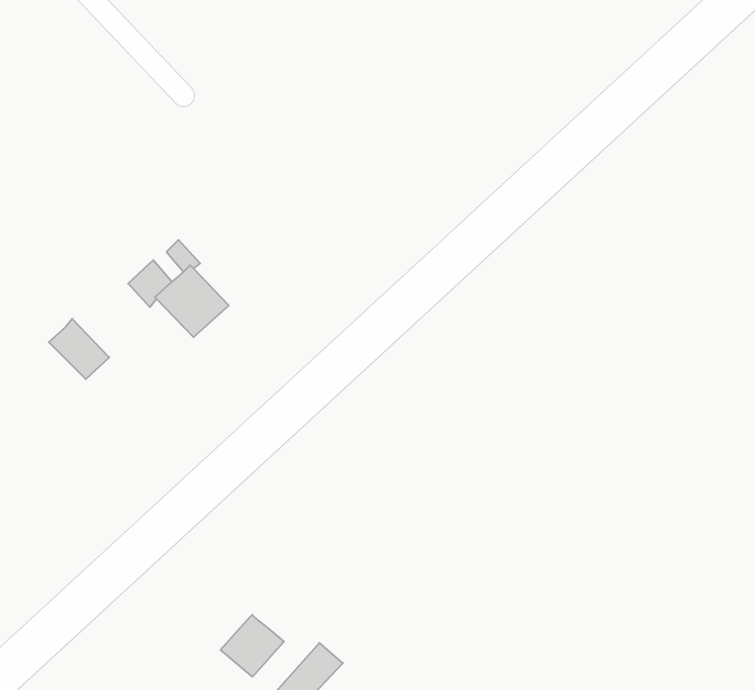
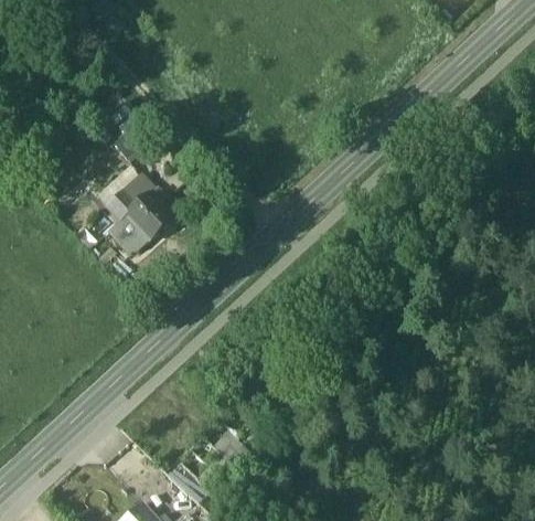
building: [49,319,109,379] -> [108,212,148,252]
building: [221,615,284,677] -> none

